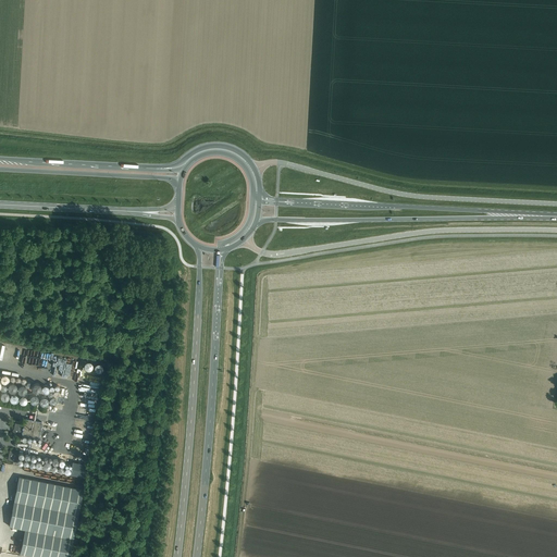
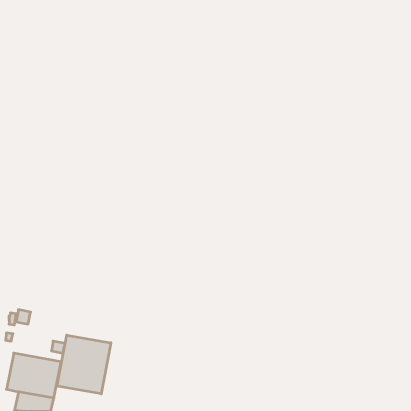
building: none -> [57,335,111,394]

